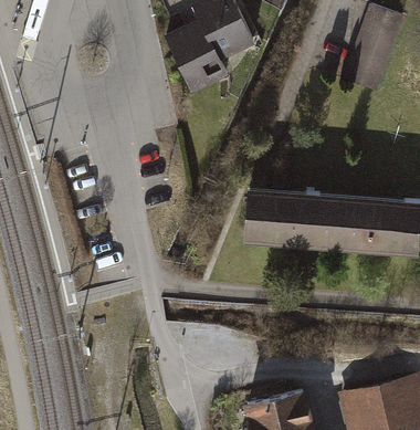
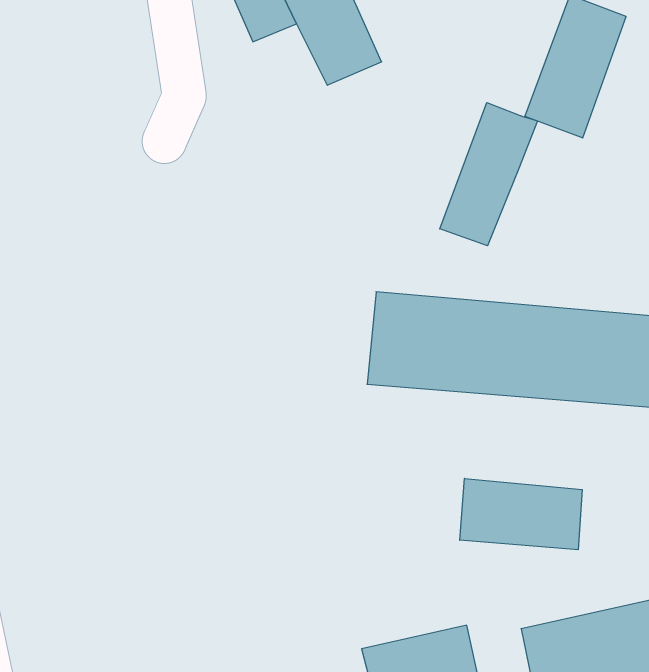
building: [167,23,231,98] -> none
building: none -> [440,103,538,246]
building: none -> [460,478,582,550]

